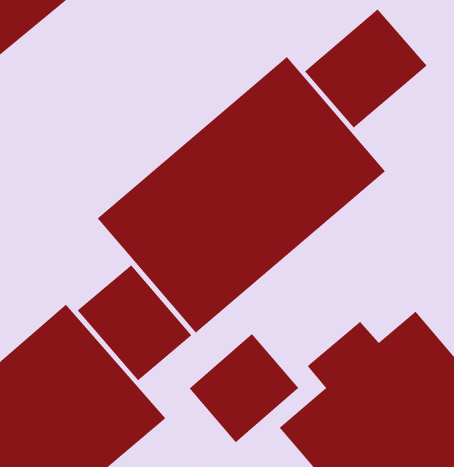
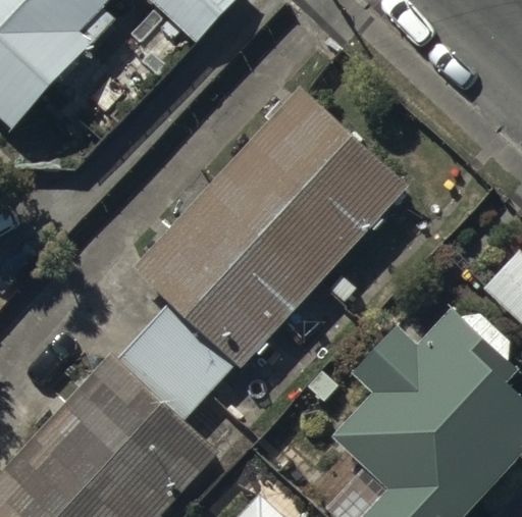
building: [304,8,427,129] -> none
building: [189,333,299,443] -> none

